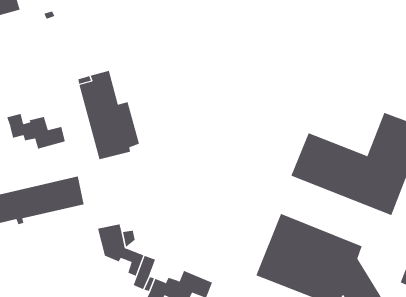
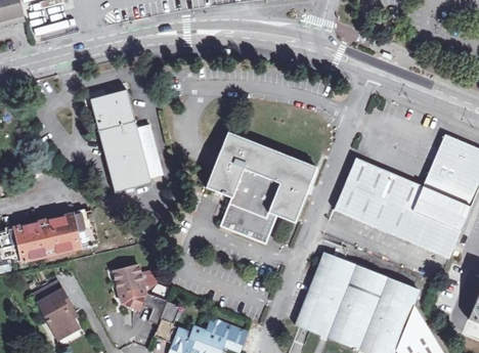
building: none -> [206,130,316,241]
building: [7,113,65,150] -> none
building: none -> [35,278,78,336]

